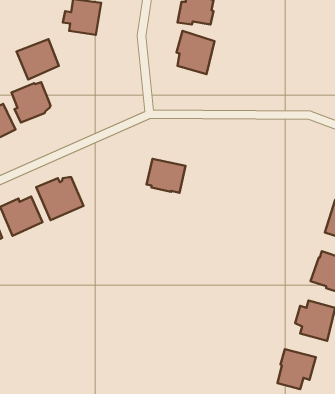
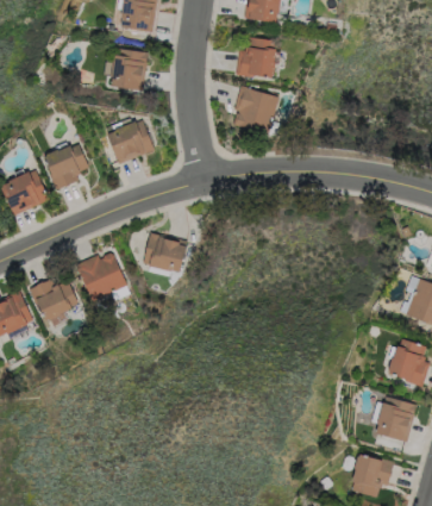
building: [17,39,59,79] -> [106,119,155,165]
building: [146,159,186,193] -> [143,233,188,273]

